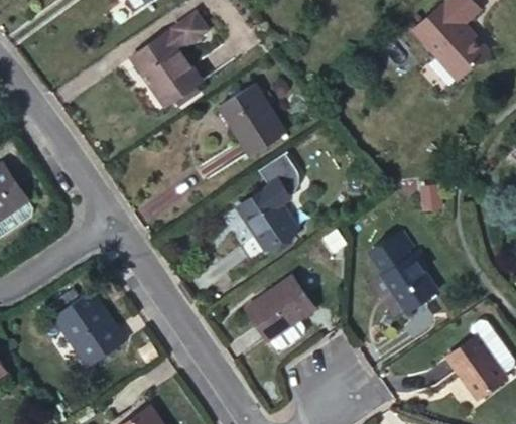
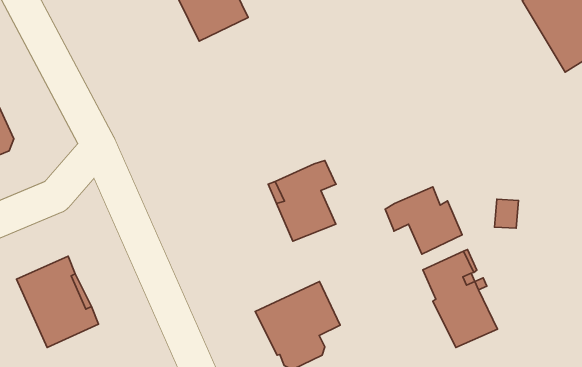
building: [218,85,285,155] -> none
building: [260,152,300,197] -> none
building: none -> [385,187,462,254]

